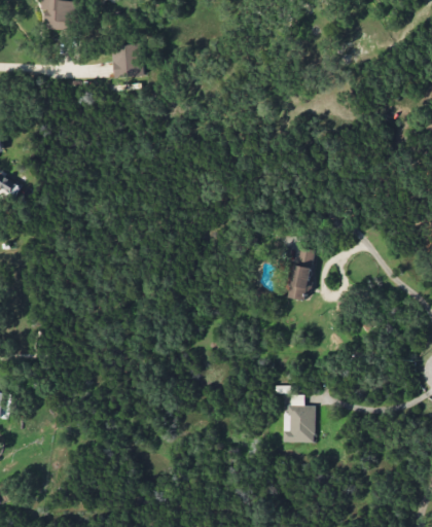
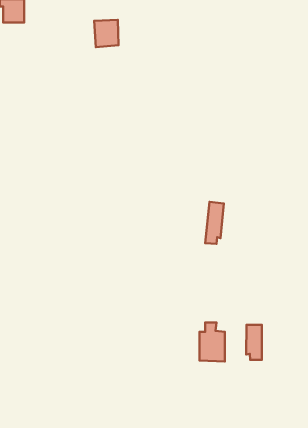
building: [112,45,142,78] -> [94,20,119,47]
building: none -> [246,325,262,360]

